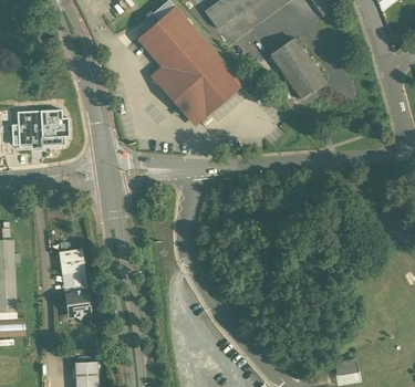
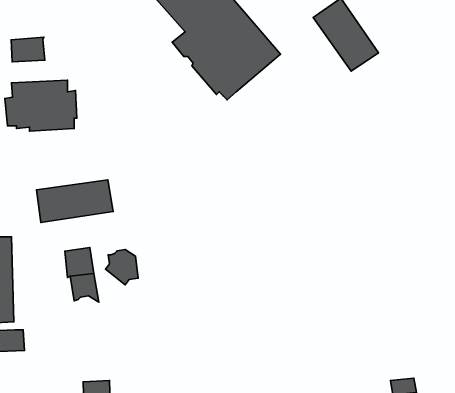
building: none -> [11,37,45,62]
building: none -> [37,180,113,222]
building: [62,290,90,320] -> [106,249,138,285]

